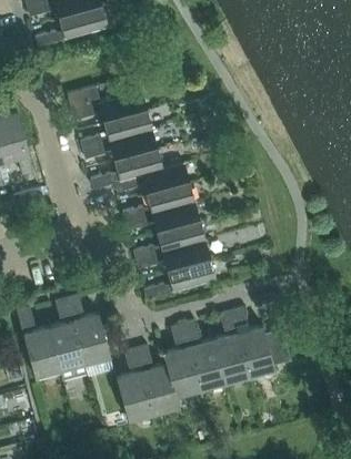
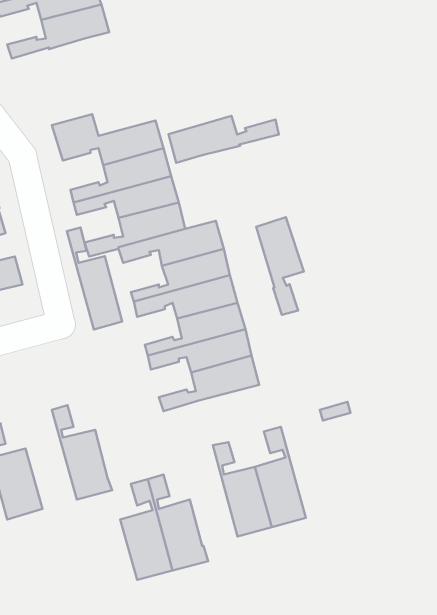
building: none -> [168,116,279,163]
building: none -> [256,217,304,315]
building: none -> [67,227,122,330]
building: [48,298,84,369] -> none
building: [231,308,291,376] -> none
building: [162,324,200,396] -> none

